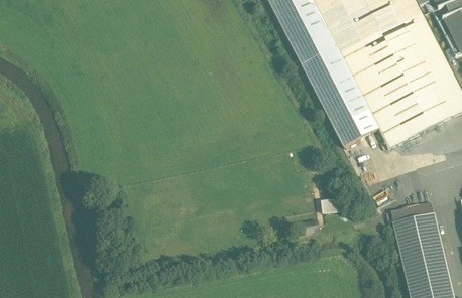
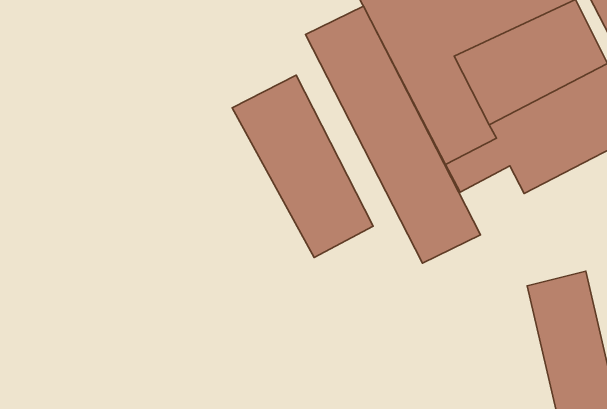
building: none -> [306,6,480,263]
building: none -> [232,75,373,257]

